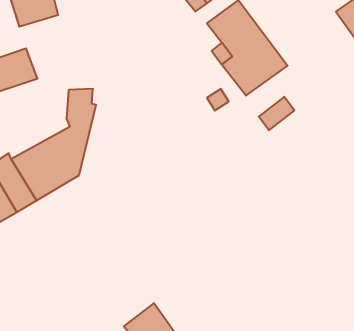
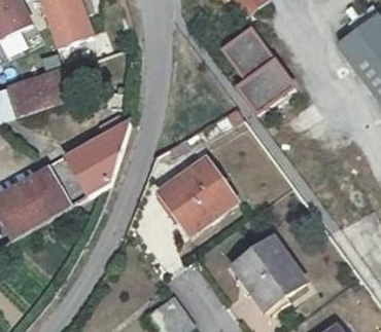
building: none -> [160,162,236,237]
building: none -> [234,241,305,312]

